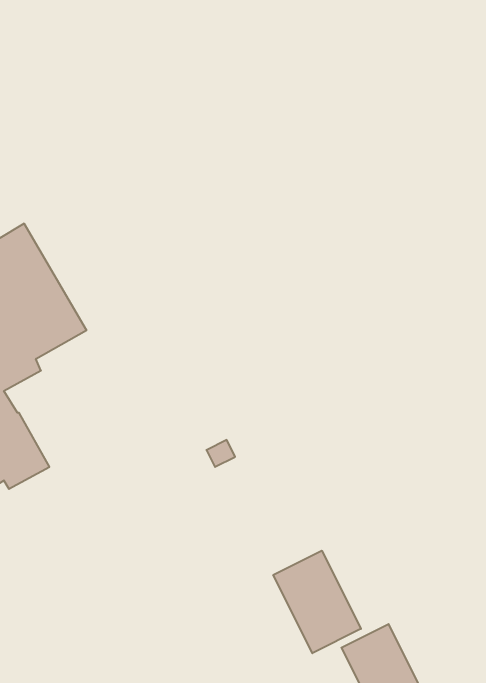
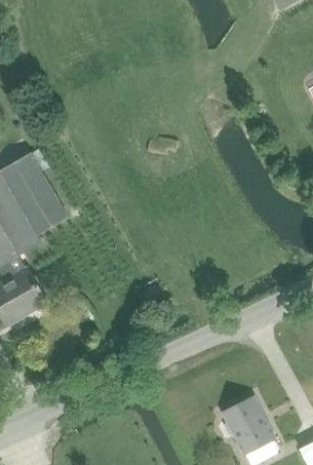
building: [273,551,361,653] -> none

